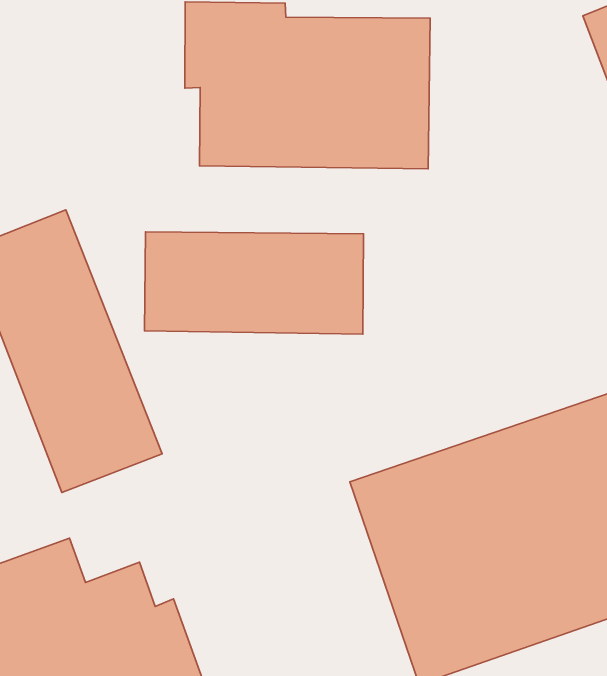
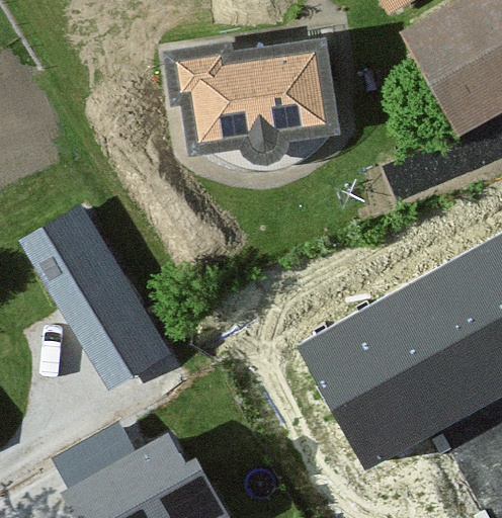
building: [144,232,363,334] -> none

